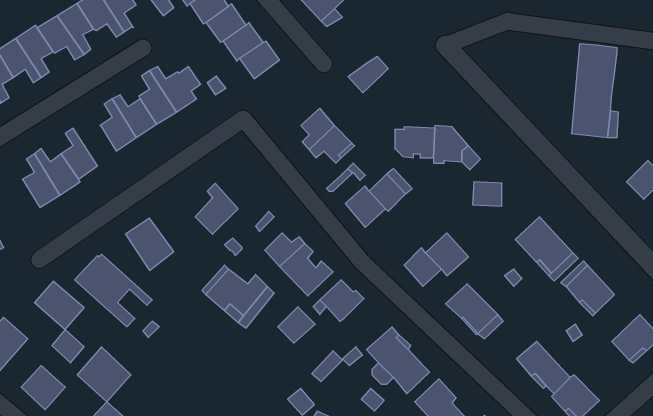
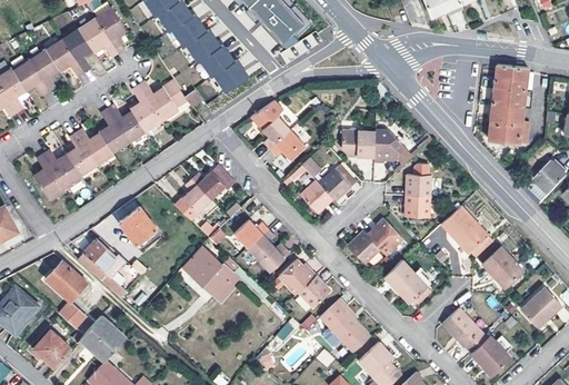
building: [348,57,388,93] -> [252,101,286,131]
building: none -> [76,129,113,165]
building: none -> [193,164,238,200]
building: none -> [407,197,431,220]
building: [278,307,315,343] -> [300,275,331,305]

